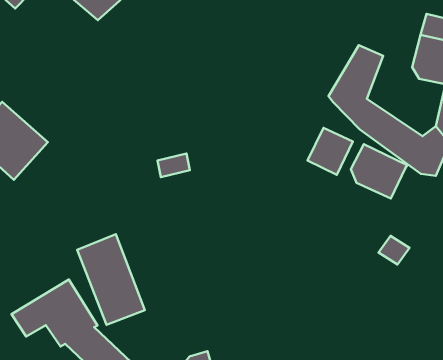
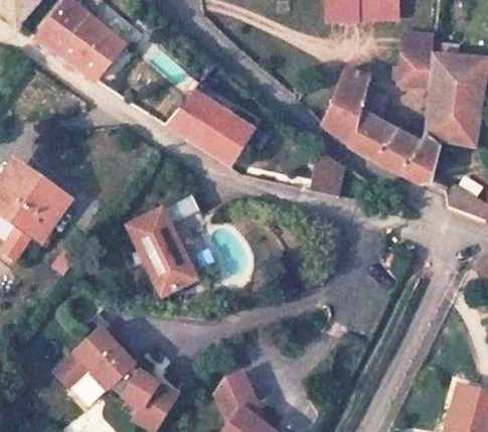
building: none -> [168,82,260,165]
building: [351,144,407,198] -> none
building: [77,234,145,325] -> [127,207,197,293]

